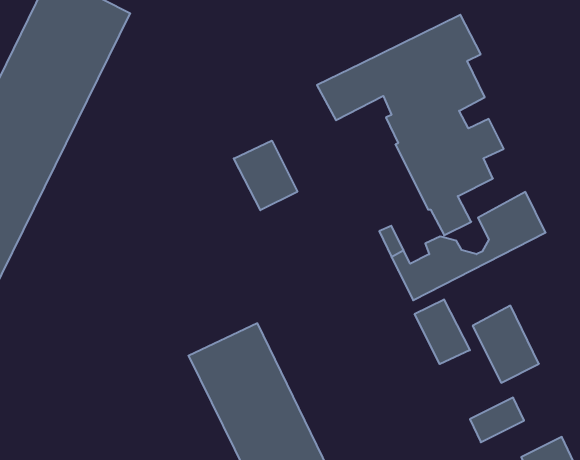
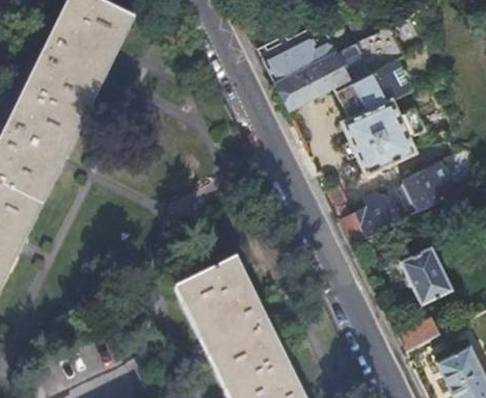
building: none -> [262,45,313,77]
building: [234,141,297,210] -> none
building: [415,299,470,364] -> none

